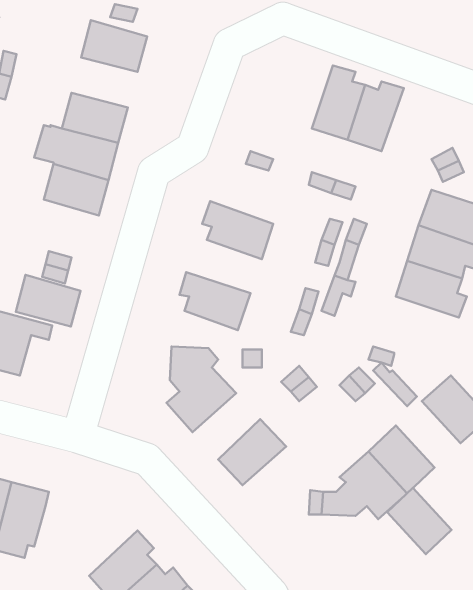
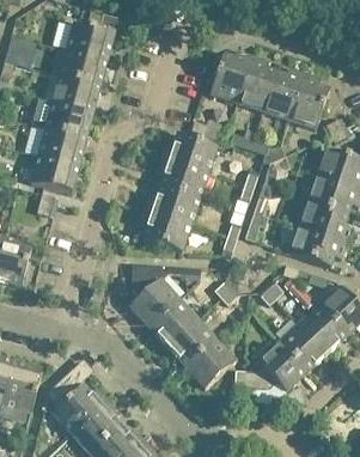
building: none -> [59,49,108,86]
building: none -> [210,49,252,102]
building: none -> [288,72,329,128]
building: none -> [161,132,218,172]
building: none -> [144,184,200,224]
building: [16,275,81,326] -> [31,154,79,193]
building: none -> [289,226,346,267]
building: none -> [148,298,199,347]
building: none -> [185,337,237,388]
building: [387,488,452,554] -> [299,304,347,353]
building: none -> [48,374,108,433]

